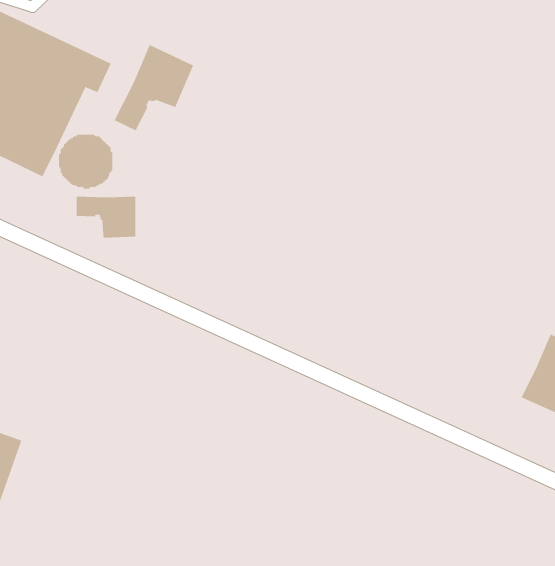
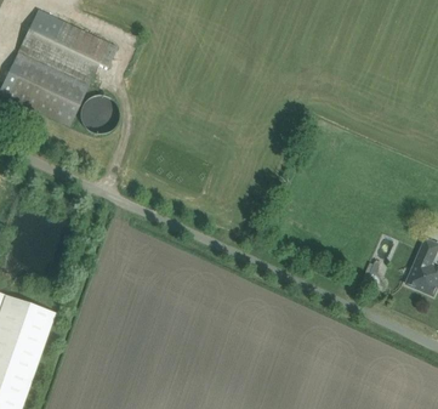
building: [114,44,194,131] -> none
building: [76,196,136,238] -> none

